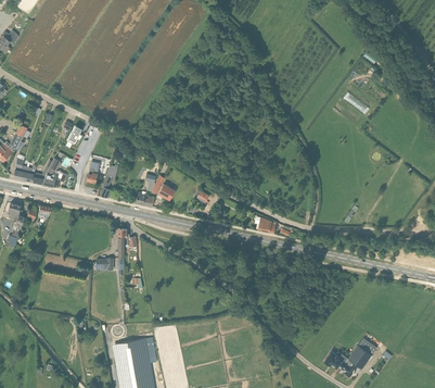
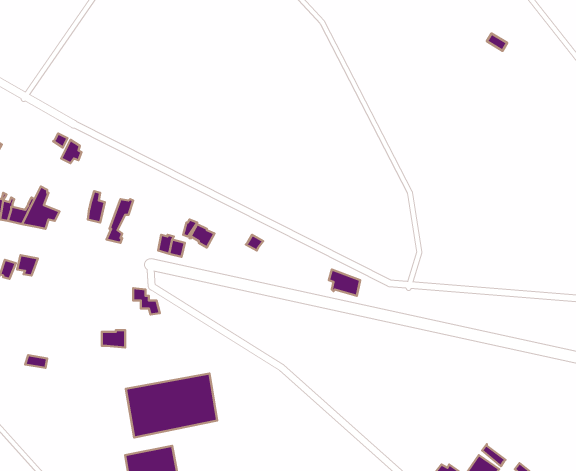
building: none -> [126,373,217,437]

